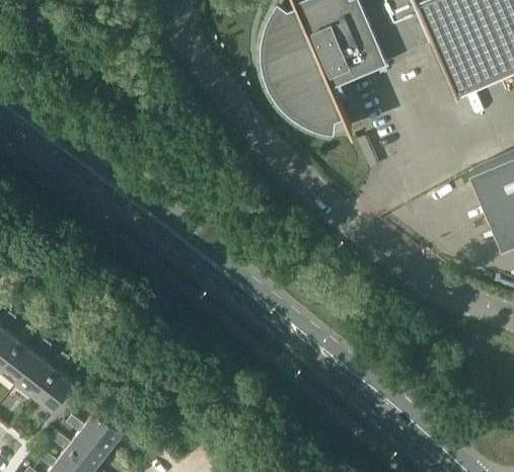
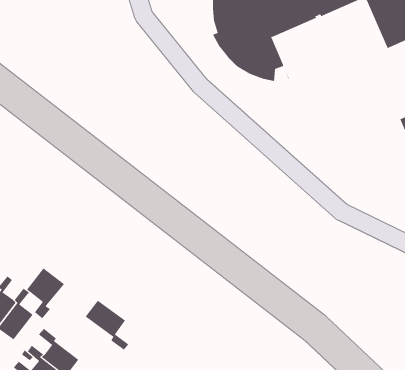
building: none -> [26,268,65,319]
building: none -> [85,300,129,351]

